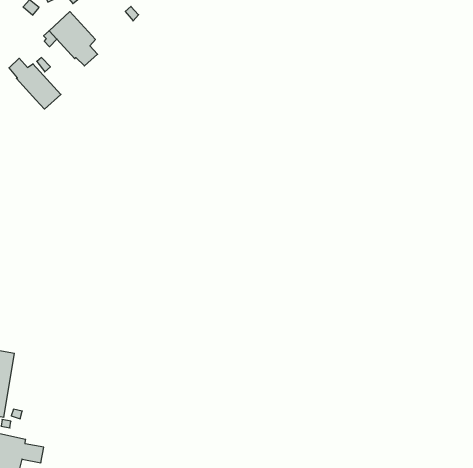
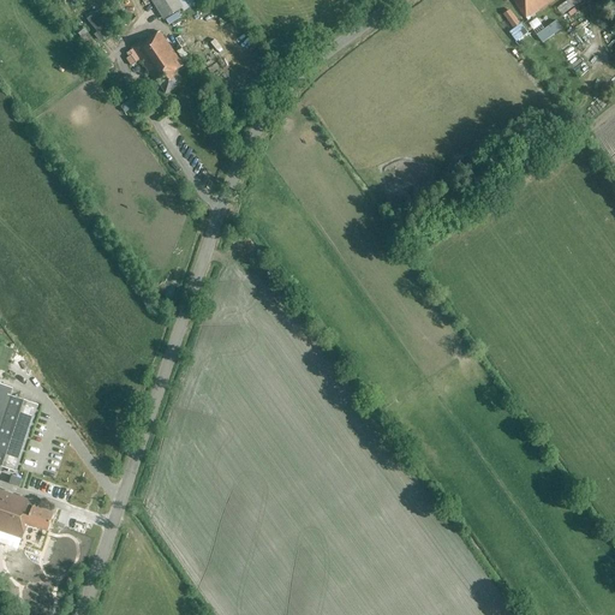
building: [9,58,61,109] -> none

